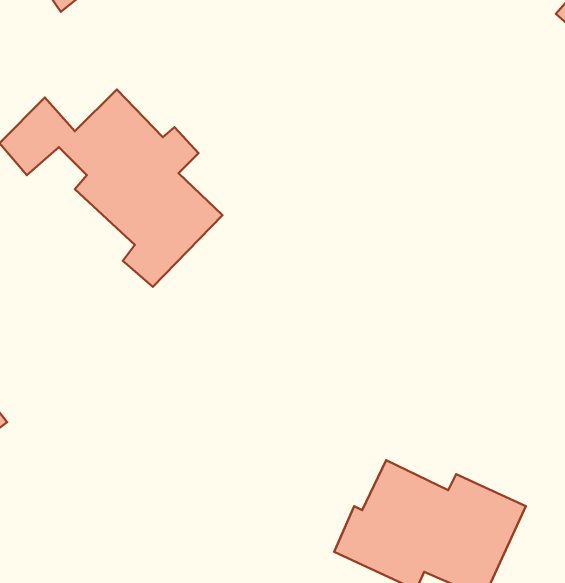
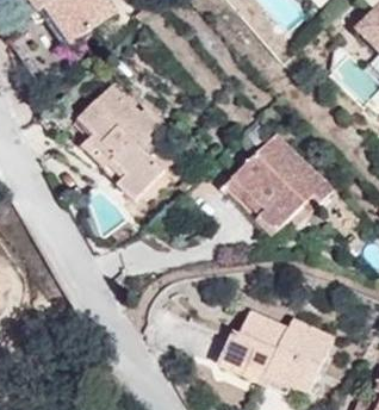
building: none -> [223,135,325,240]

